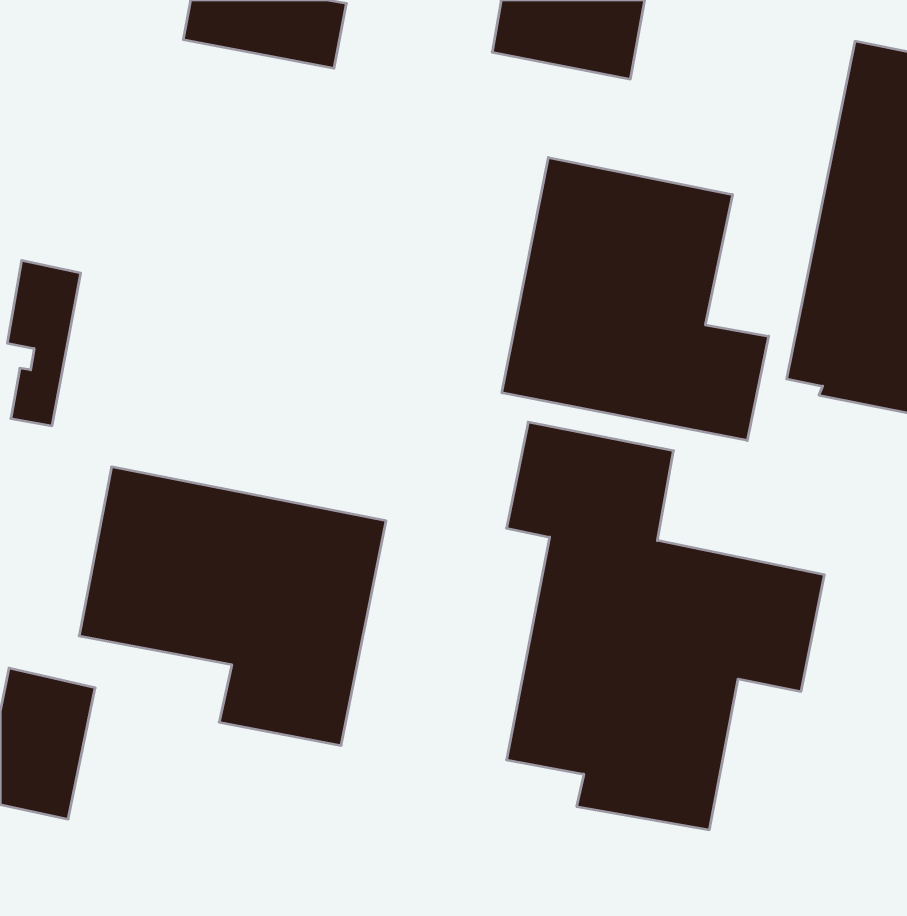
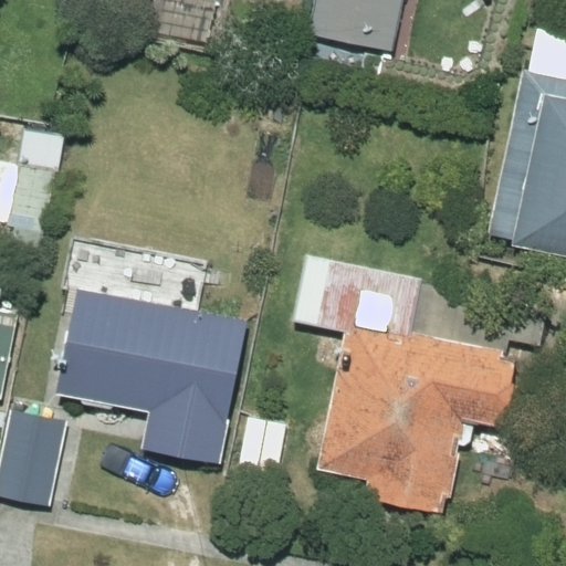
building: [502,157,769,441] -> none

